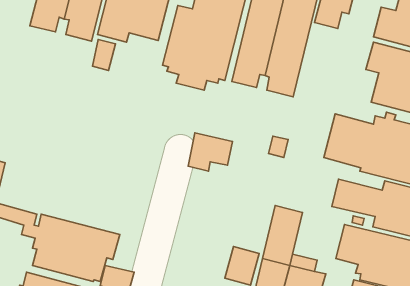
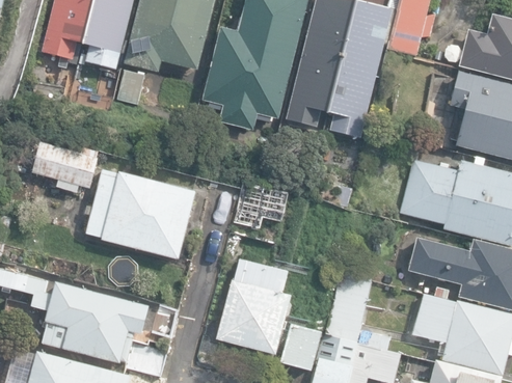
building: none -> [32,143,98,191]
building: none -> [85,171,194,258]
building: none -> [216,258,291,354]

